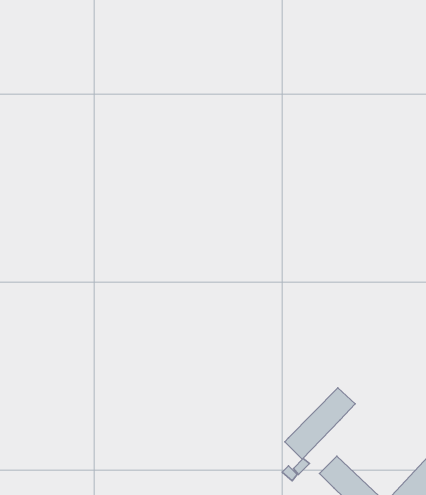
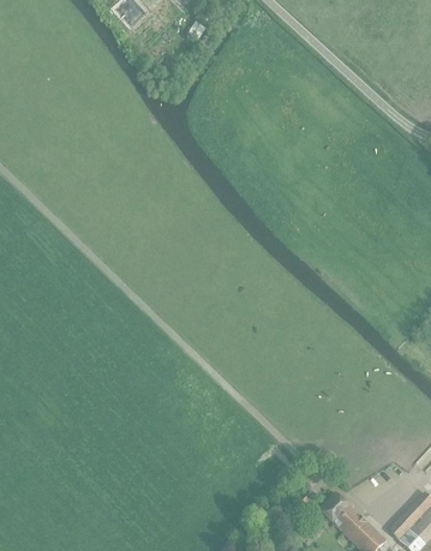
building: [285,388,355,459] -> none

